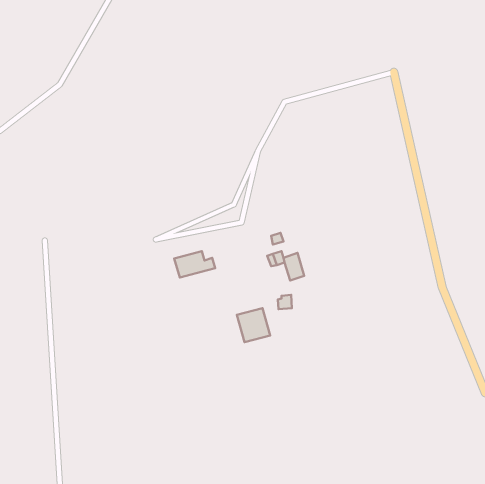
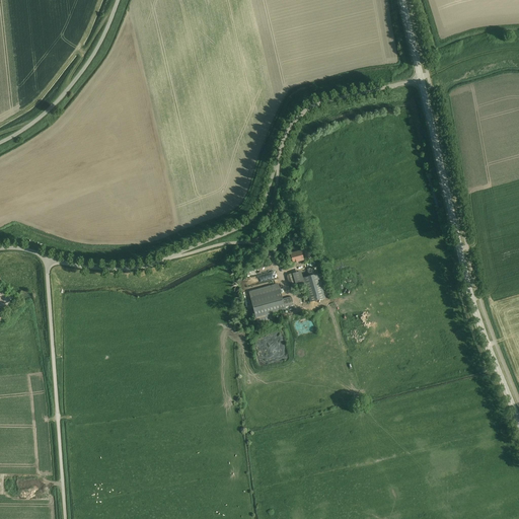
building: [174,251,215,278] -> [249,287,293,315]

